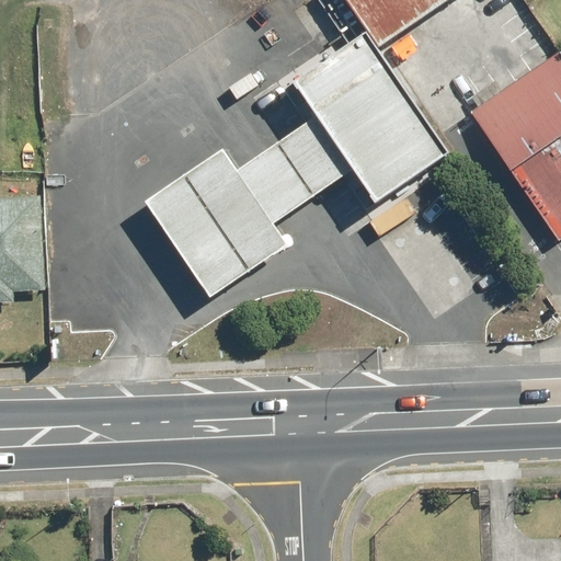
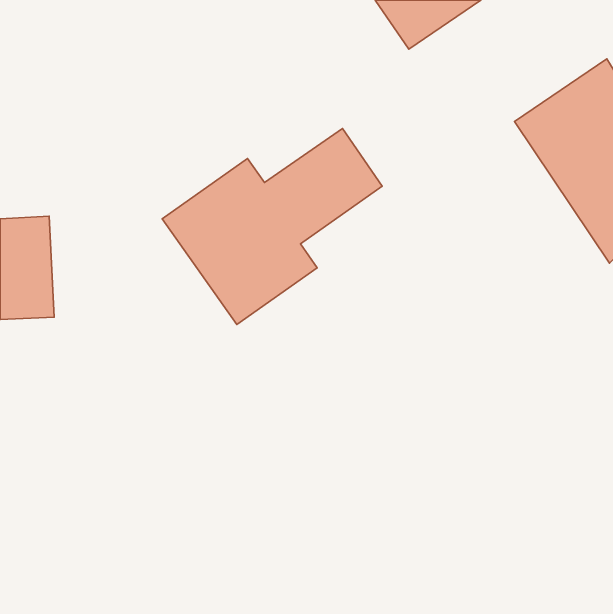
building: [288,33,440,202] -> none

